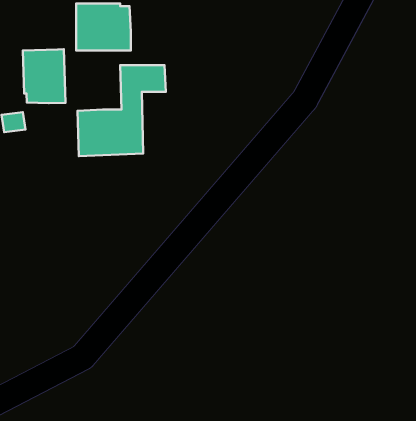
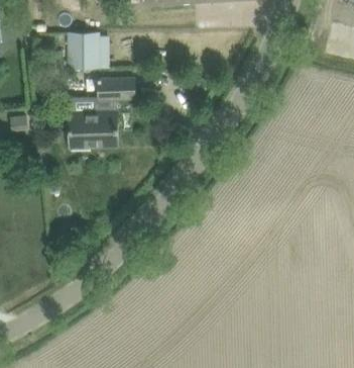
building: [23,49,65,103] -> none

